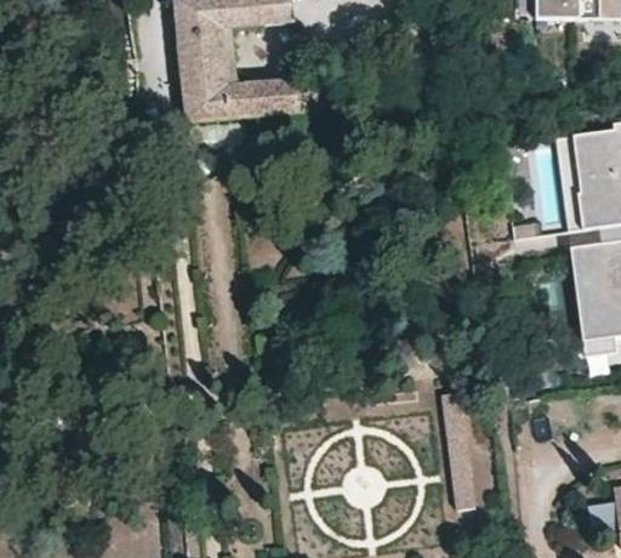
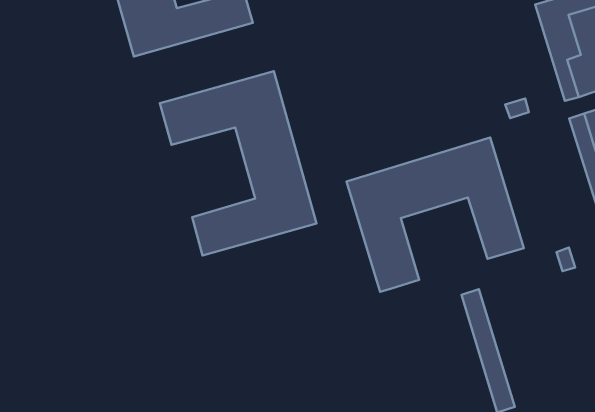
building: none -> [160,71,316,256]
building: none -> [346,138,524,292]

